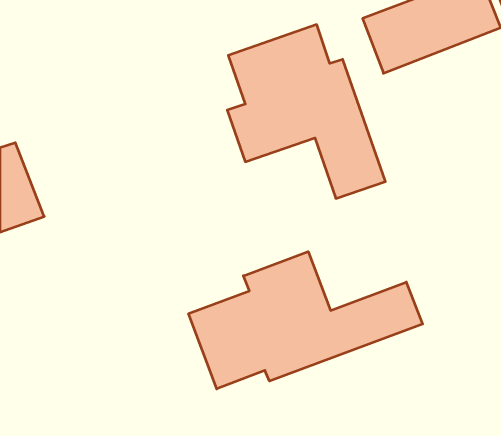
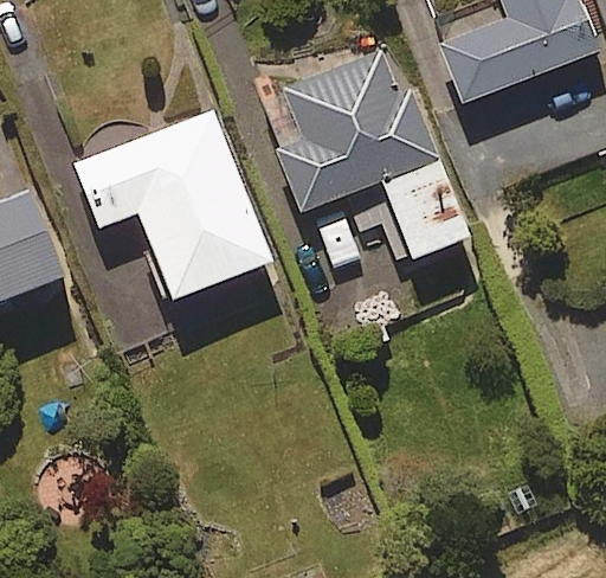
building: none -> [76,116,271,300]
building: [189,252,423,389] -> none

